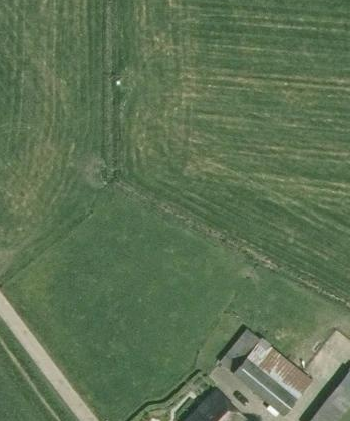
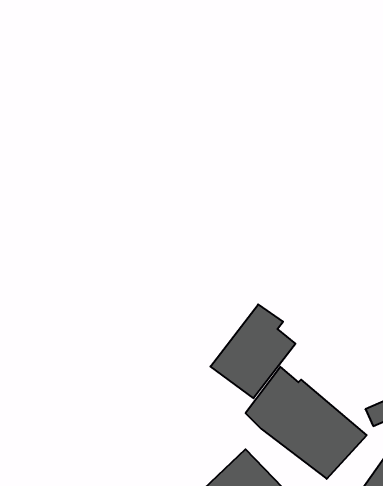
building: none -> [210,304,295,398]

